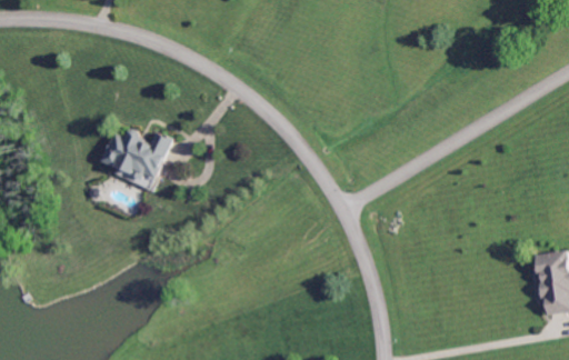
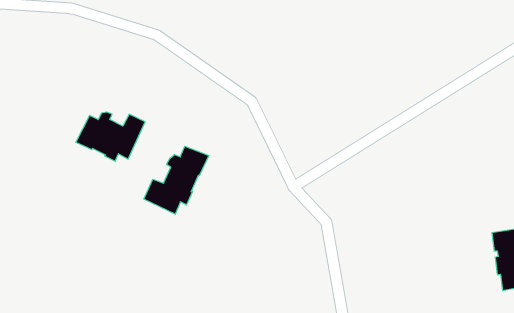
building: none -> [144,146,209,214]

